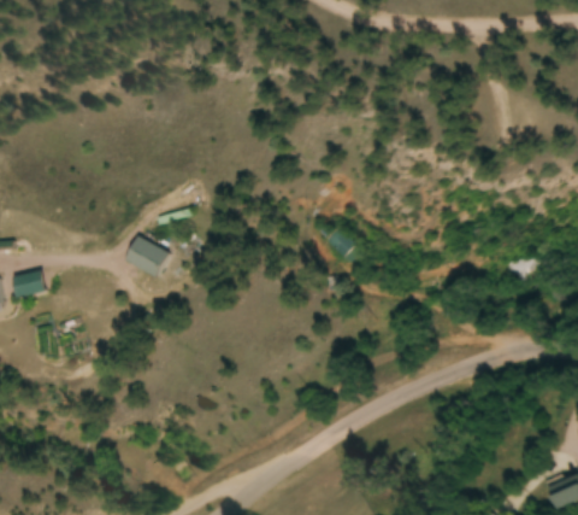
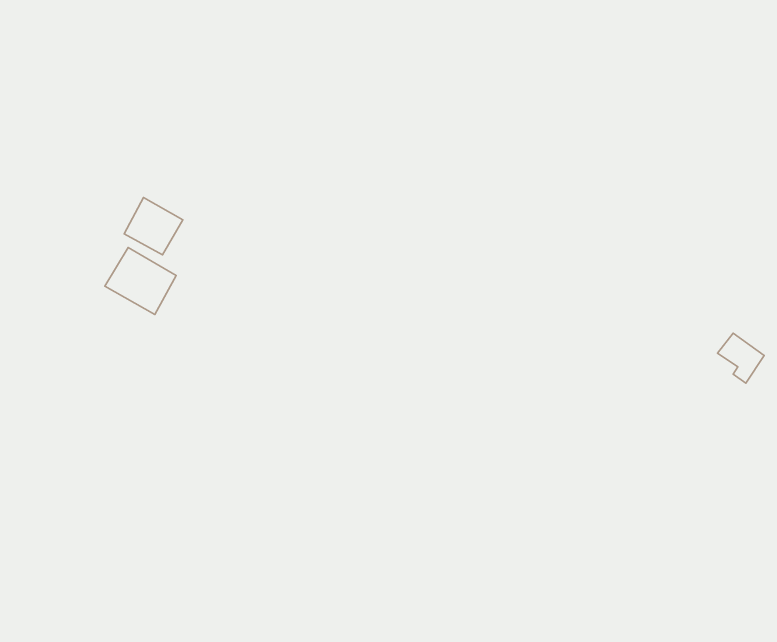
building: none -> [124,198,183,255]

